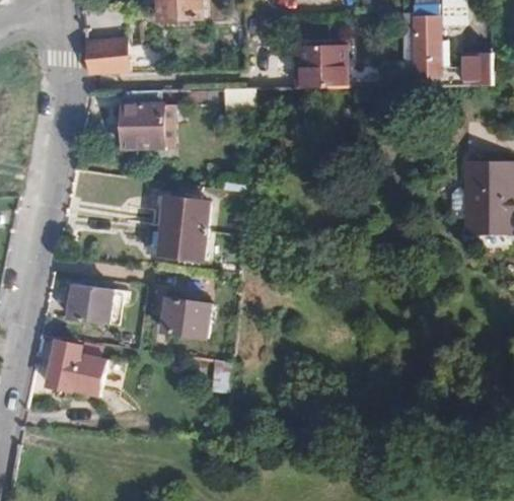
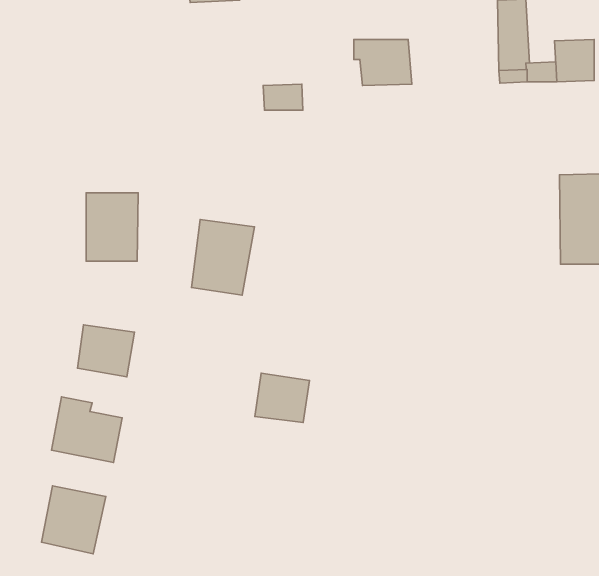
building: [83,35,129,71] -> none
building: [120,91,162,147] -> [86,193,138,261]
building: [164,296,209,337] -> [255,373,309,423]
building: none -> [42,486,106,554]

